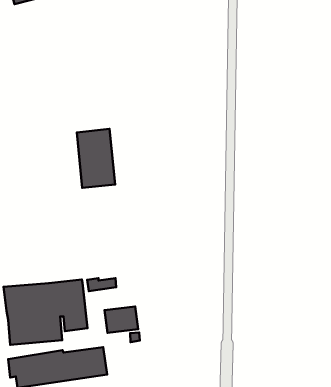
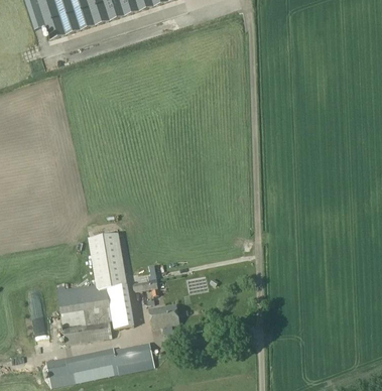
building: [77,129,115,188] -> [88,233,125,287]

